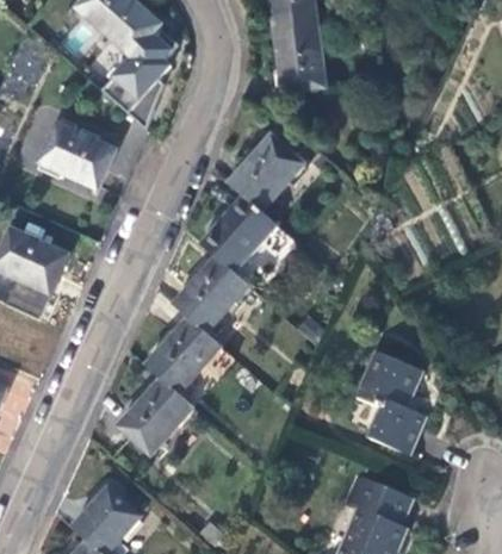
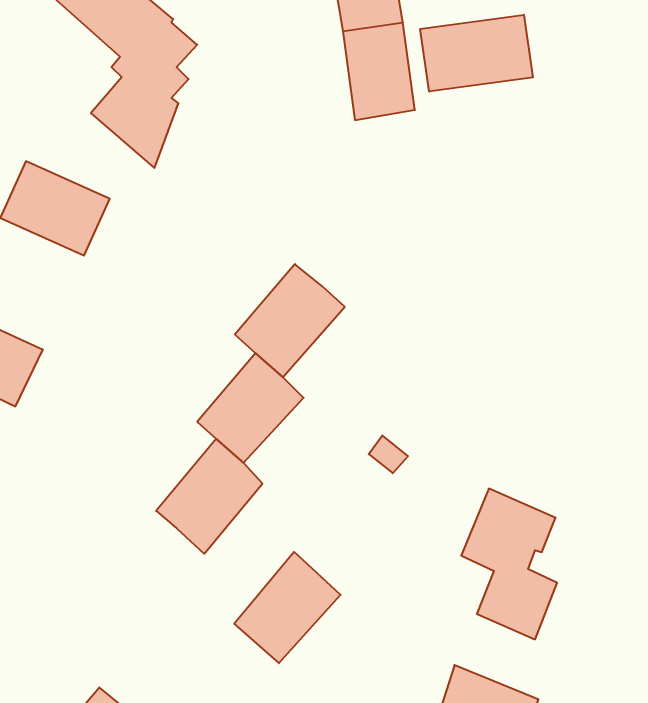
building: none -> [420,15,533,92]
building: [229,135,303,210] -> none
building: [118,378,192,455] -> [234,552,341,663]

